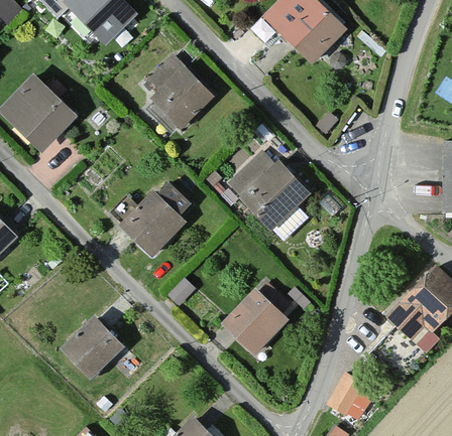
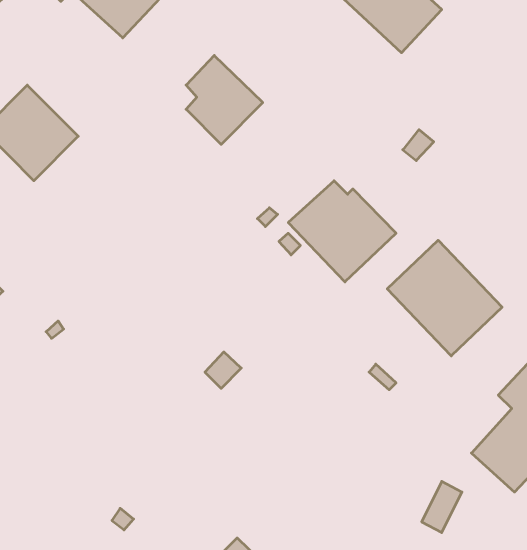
building: [123,182,190,249] -> none
building: none -> [387,240,502,356]
building: [225,293,286,353] -> none
building: [65,318,121,375] -> none

